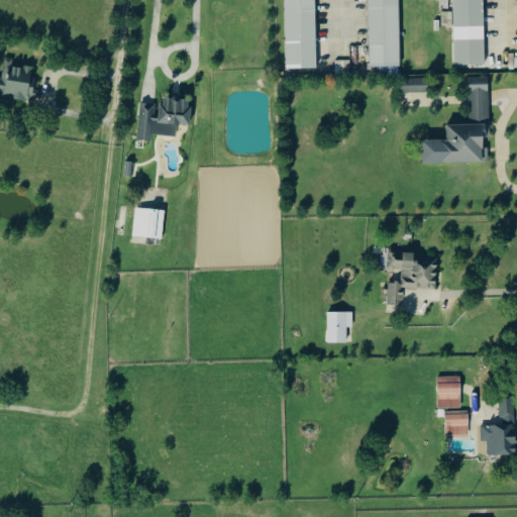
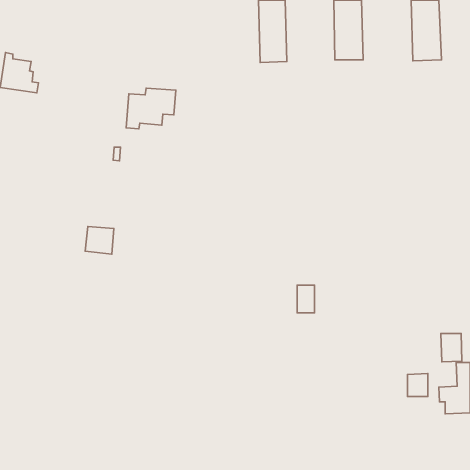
building: [424,78,491,164] -> none
building: [400,80,429,95] -> none
building: [132,209,164,239] -> [85,226,114,254]
building: [388,251,439,306] -> none
building: [436,378,459,409] -> [441,333,462,362]

